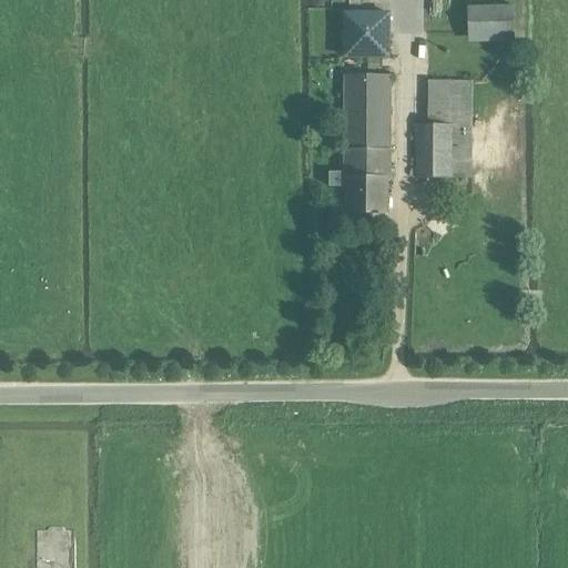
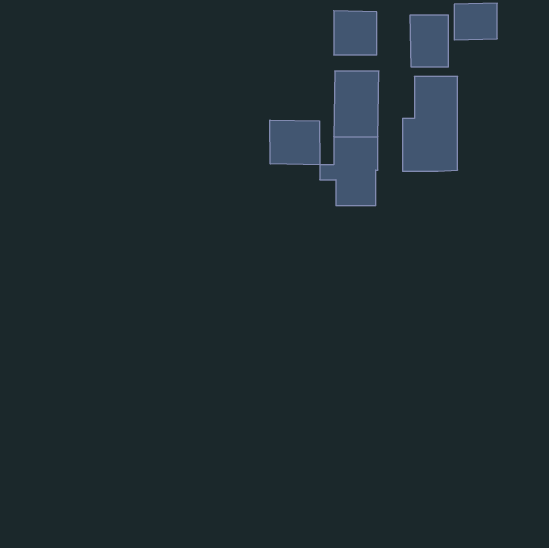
building: none -> [410,15,448,67]
building: none -> [270,120,320,165]

